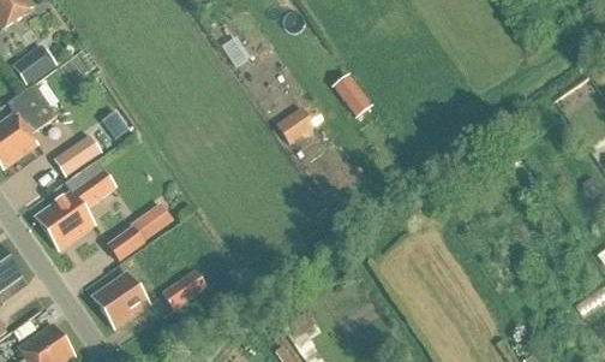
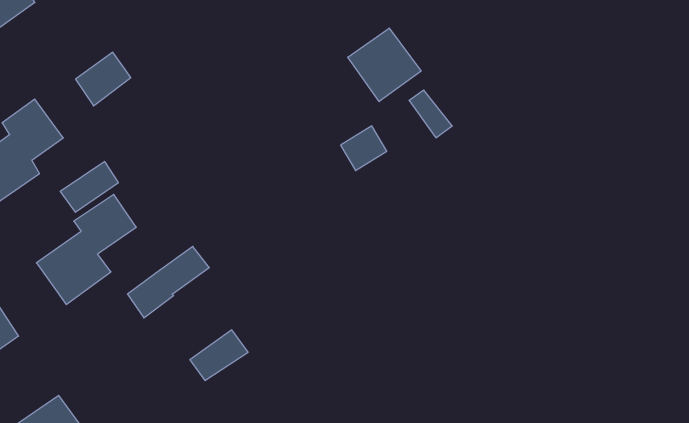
building: none -> [348,28,421,102]
building: [11,43,55,87] -> [76,52,131,106]
building: [91,272,148,328] -> none

